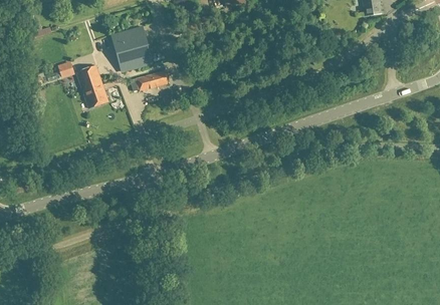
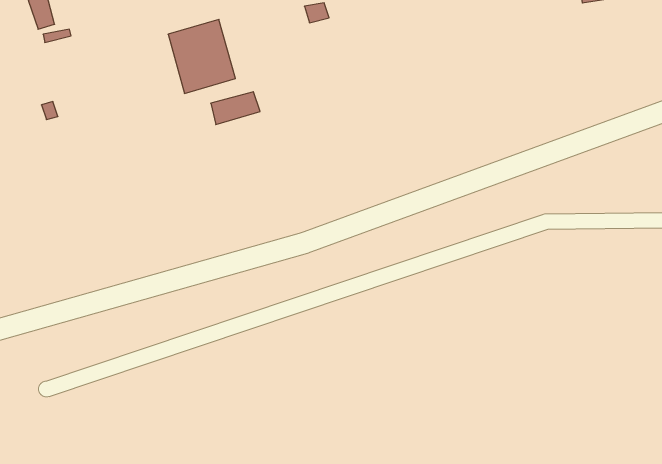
building: [75,64,108,107] -> none

